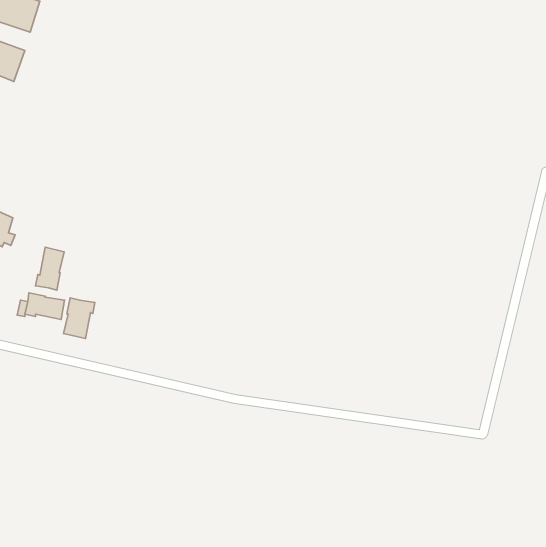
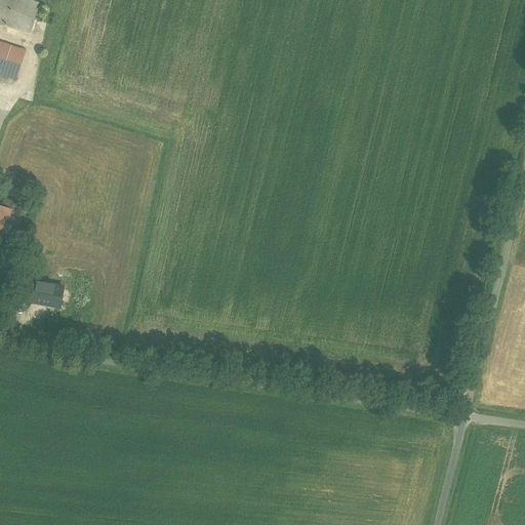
building: [35,247,64,290] -> none
building: [63,298,95,338] -> none

